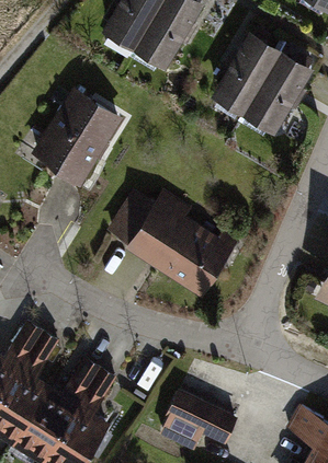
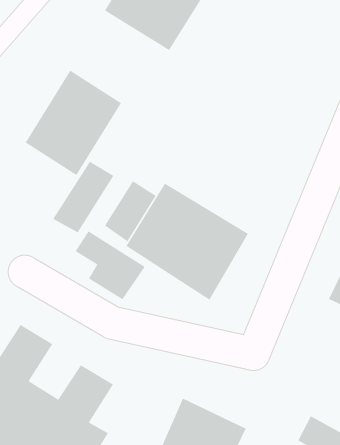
building: [214,35,313,134] -> none
building: none -> [52,161,114,233]
building: none -> [75,230,146,300]

